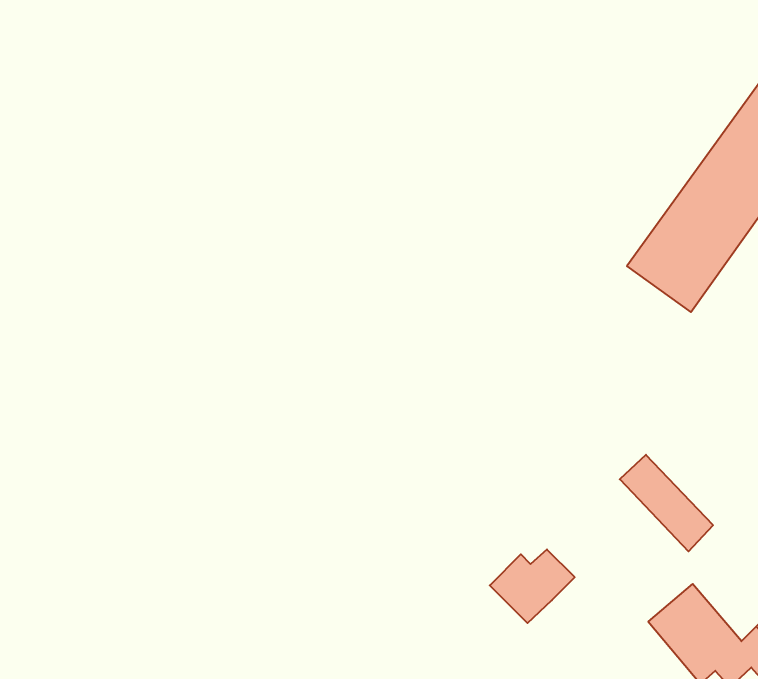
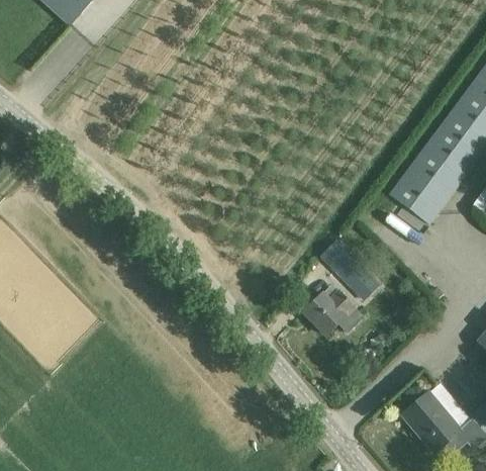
building: [620,455,713,551] -> [321,241,379,300]
building: [490,549,575,623] -> [303,290,356,336]

